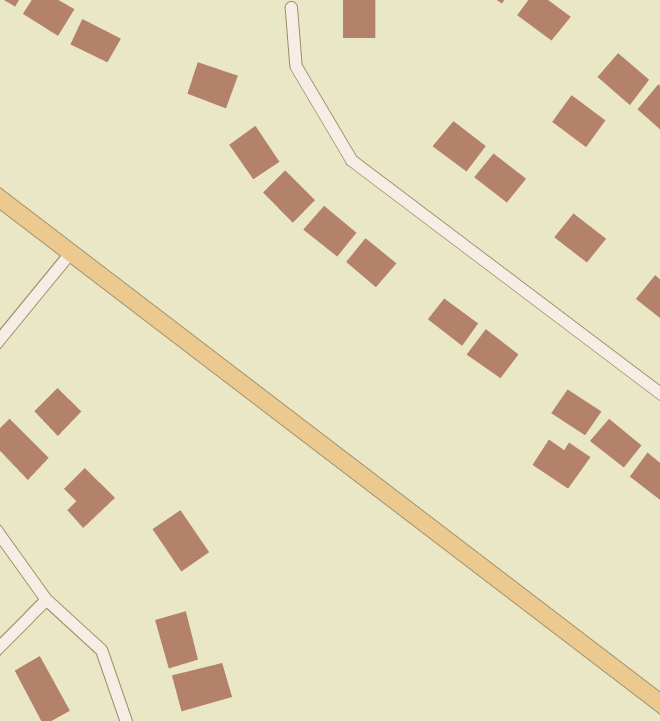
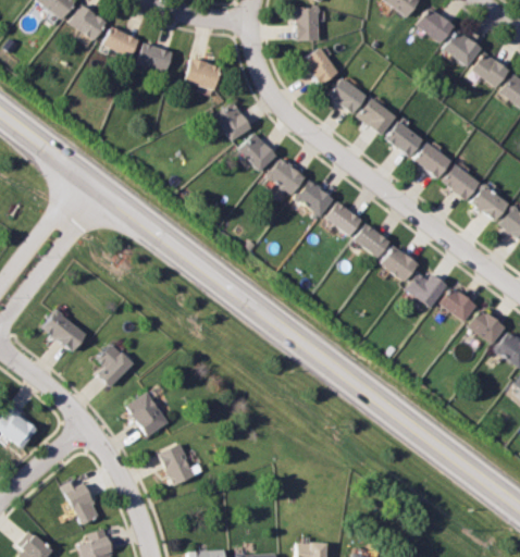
building: none -> [136,41,172,72]
building: none -> [300,47,338,86]
building: none -> [327,76,367,113]
building: [551,94,607,148] -> [444,28,483,66]
building: none -> [413,141,453,178]
building: none -> [472,184,510,221]
building: none -> [324,200,362,236]
building: [33,387,82,437] -> none
building: [531,439,592,489] -> [407,271,449,307]
building: [152,509,210,572] -> [127,392,169,436]
building: [171,662,233,712] -> none

